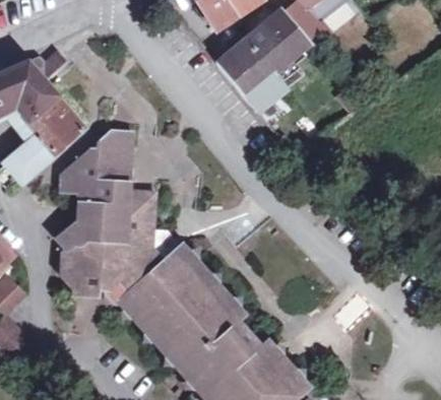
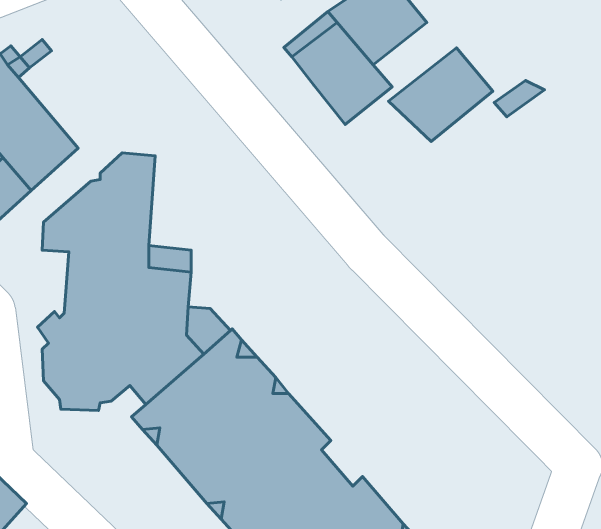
building: none -> [388,48,493,142]

